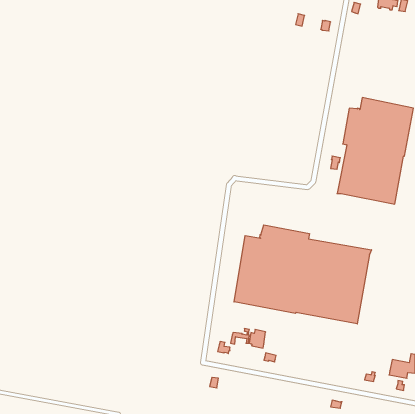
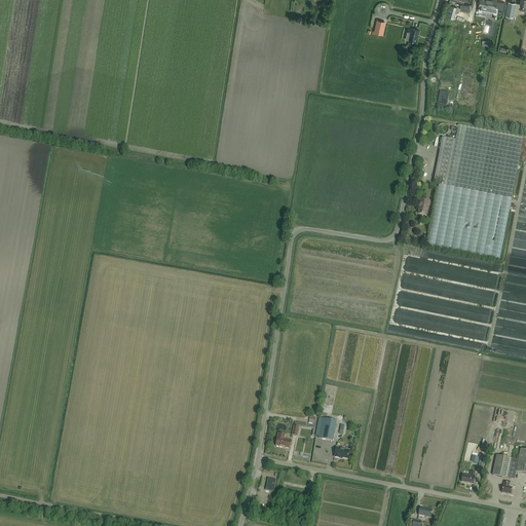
building: [234,225,371,324] -> none

